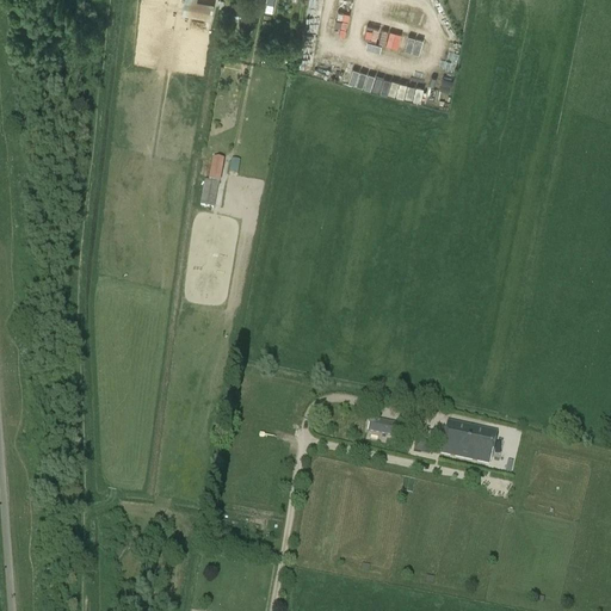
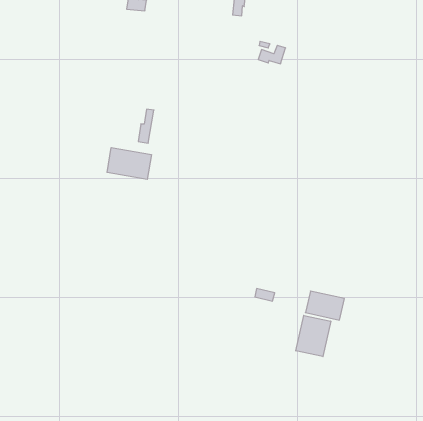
building: none -> [107,148,151,179]
building: none -> [296,315,331,357]

